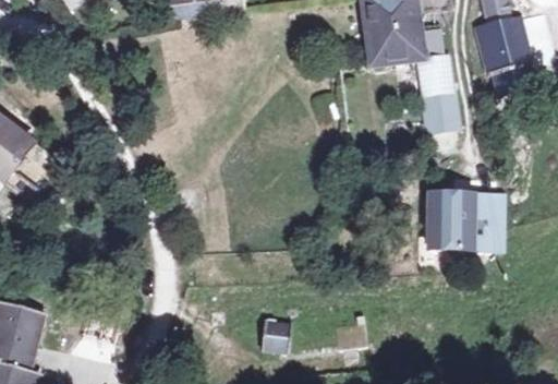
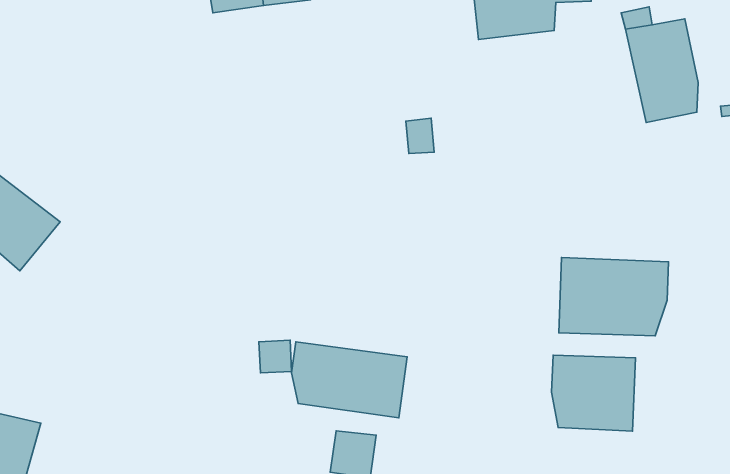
building: [366,25,456,128] -> none
building: none -> [291,342,407,418]
building: none -> [552,355,635,431]

